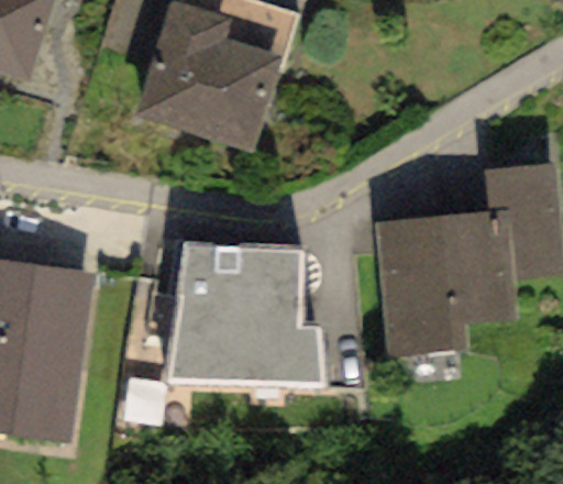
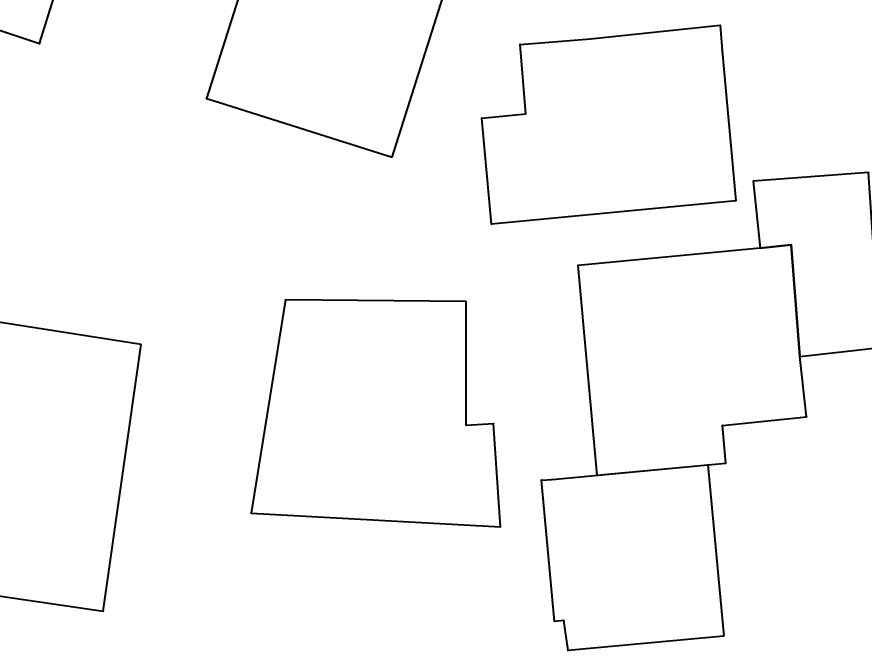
building: none -> [482,25,736,224]
building: none -> [541,465,724,651]

